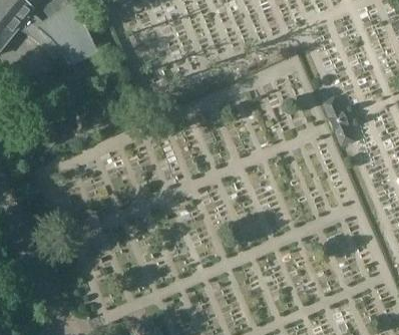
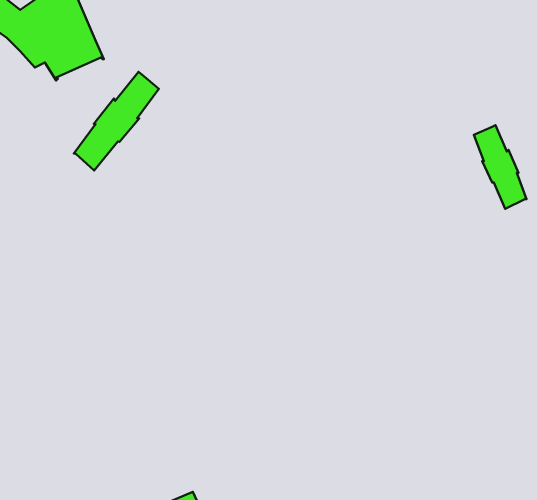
building: none -> [74,72,159,170]

